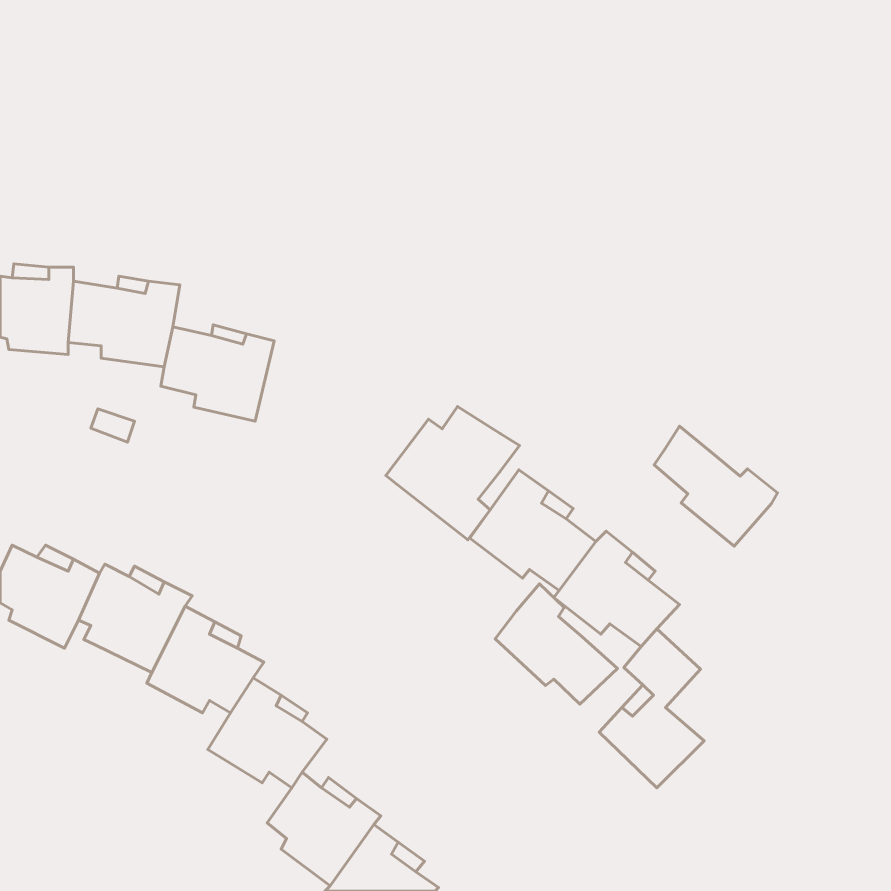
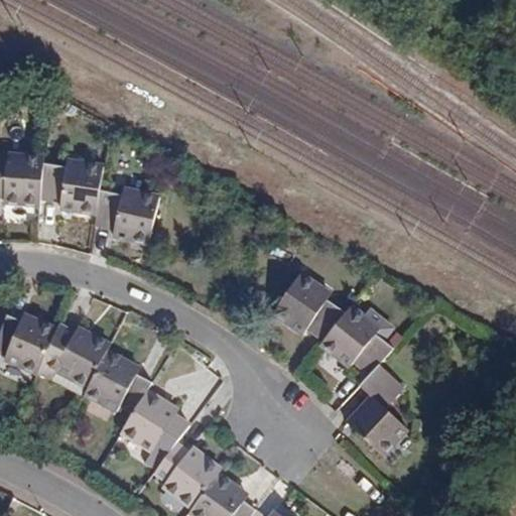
building: [386,407,520,540] -> none
building: [654,426,777,546] -> none
building: [495,584,617,704] -> none

